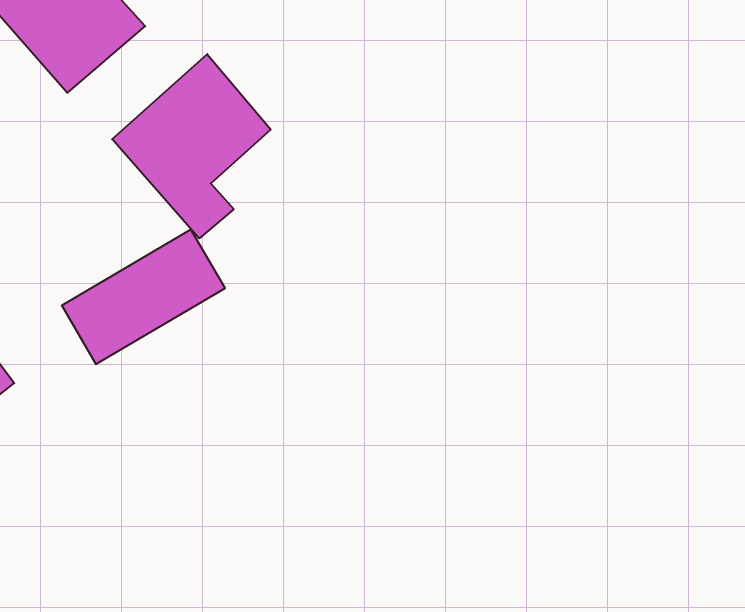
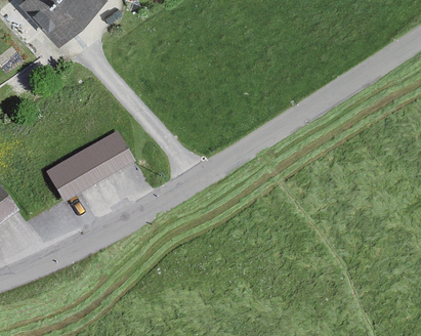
building: [112,54,271,238] -> none

